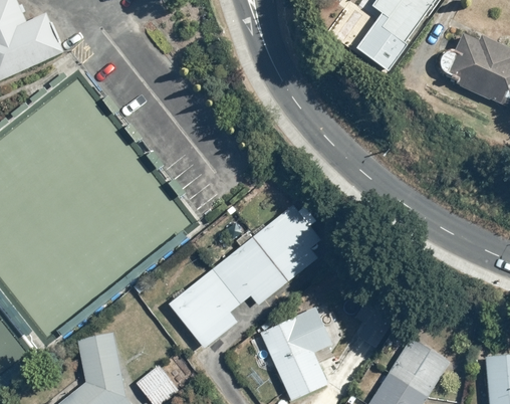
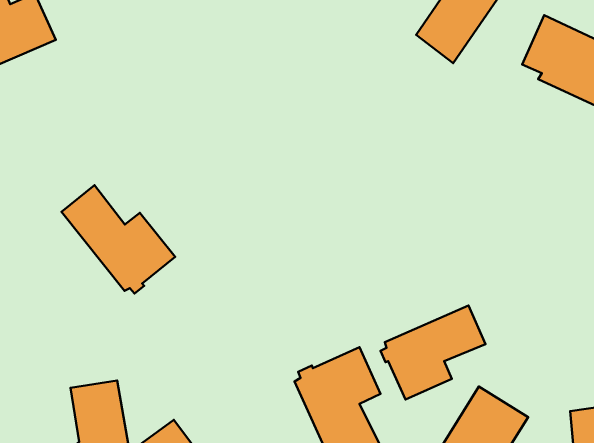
building: none -> [61,185,175,294]
building: [166,203,329,352] -> none
building: none -> [381,306,486,400]

